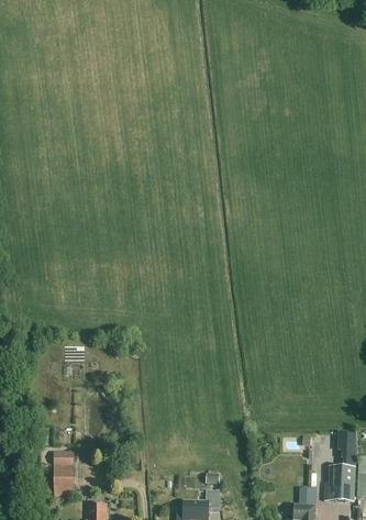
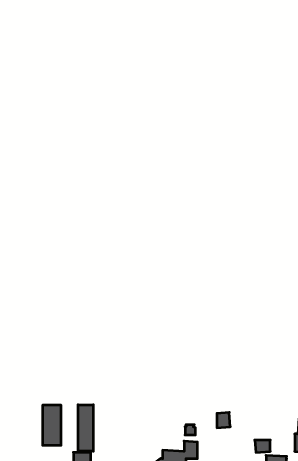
building: none -> [78,405,93,451]

